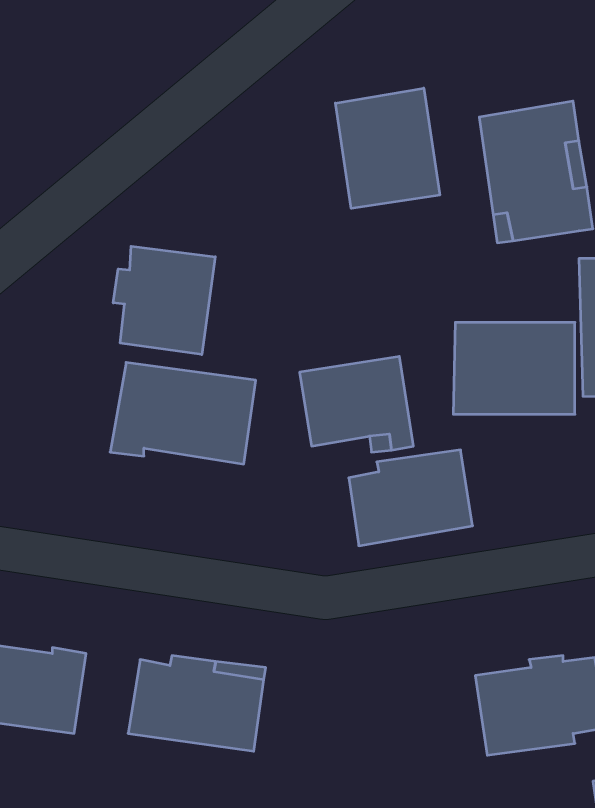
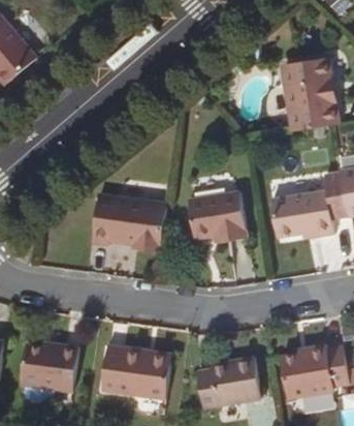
building: [335,88,440,208] -> none
building: [113,246,215,355] -> none
building: [349,450,473,546] -> [196,357,260,406]

